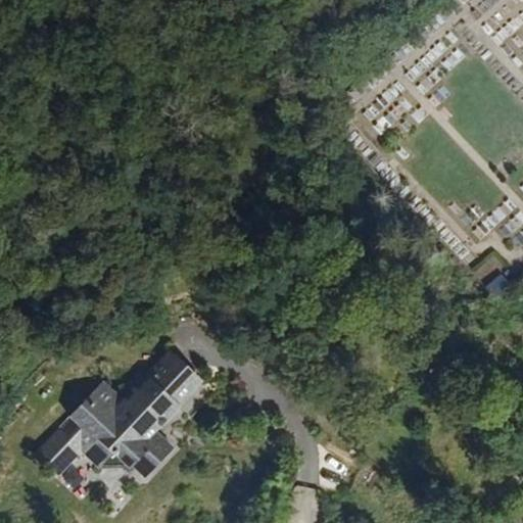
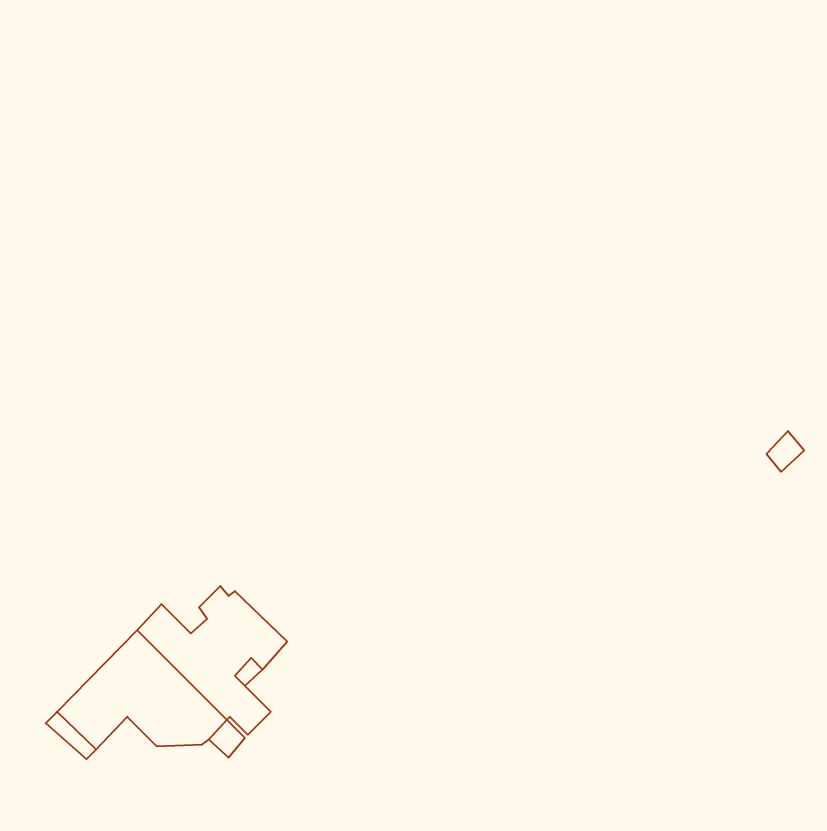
building: [151,350,204,403] -> none

